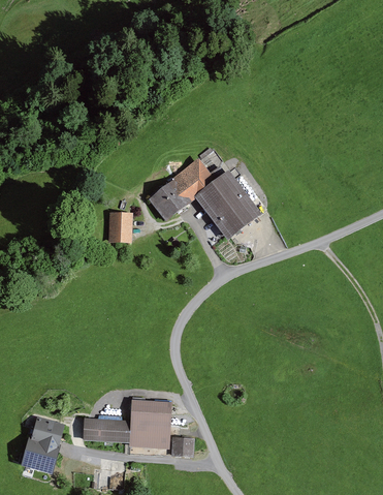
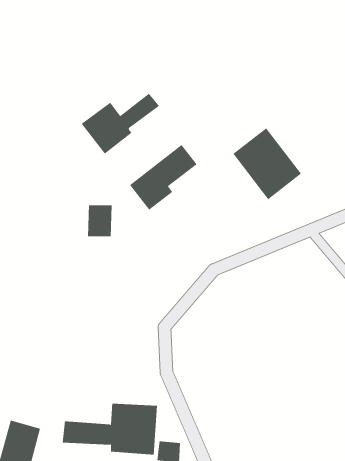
building: none -> [81,93,160,155]
building: [194,171,259,239] -> [232,127,302,200]

